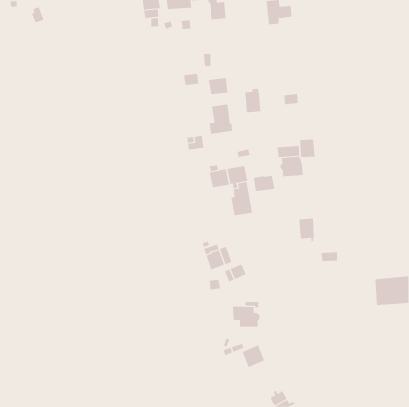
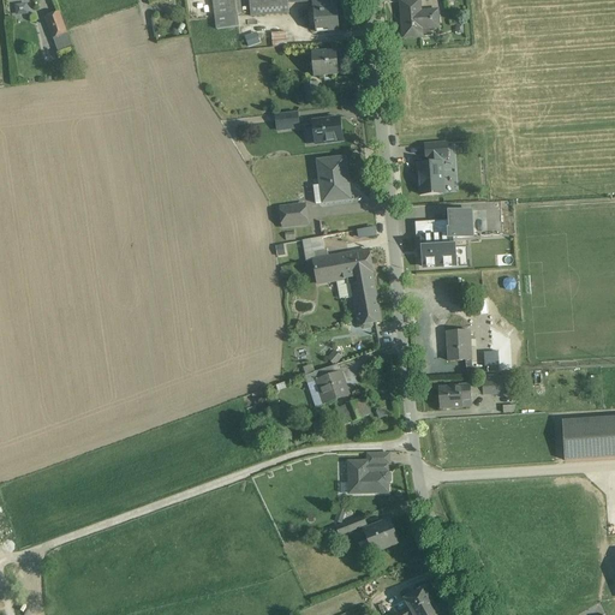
building: none -> [312,50,339,73]
building: [244,88,261,113] -> [418,156,443,193]
building: [253,175,275,192] -> none
building: none -> [438,383,478,407]

